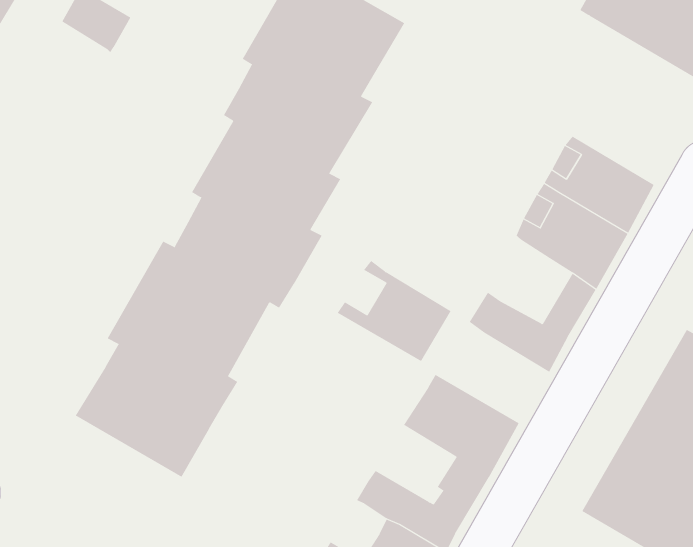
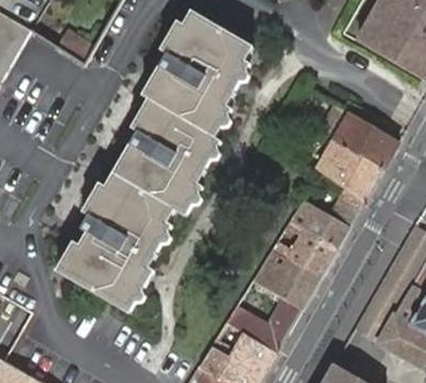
building: [337,260,451,362] -> [271,220,337,279]

